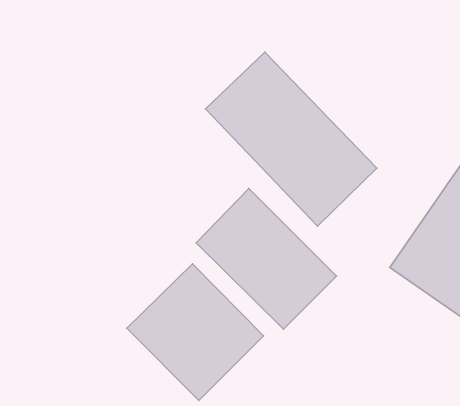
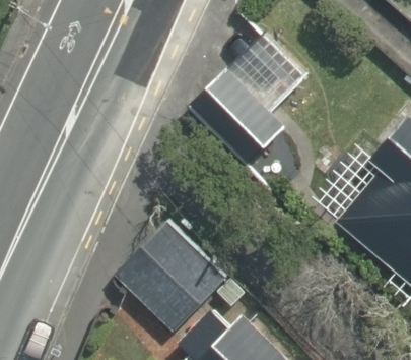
building: [196,188,336,329] -> none

